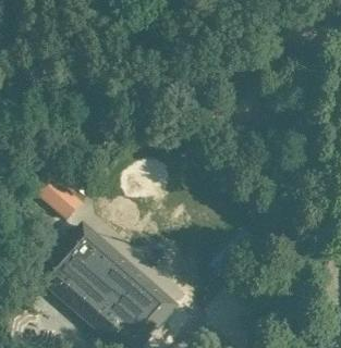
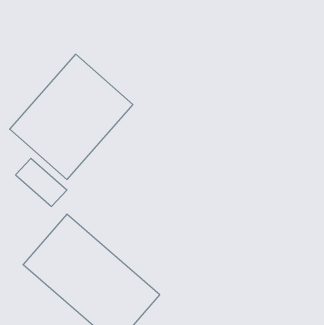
building: none -> [10,54,133,179]

